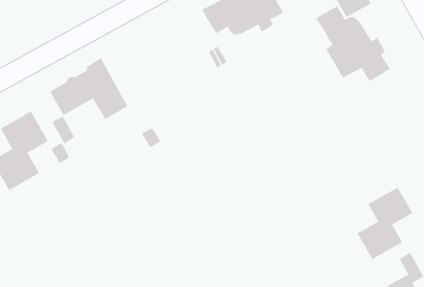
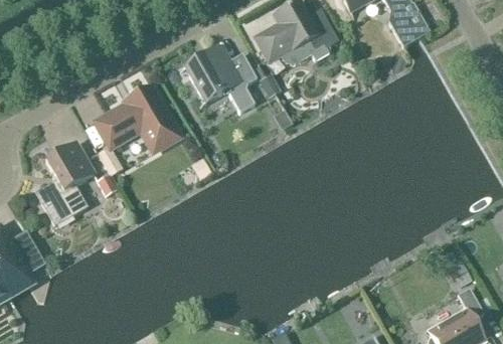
building: [315,5,390,82] -> none
building: none -> [180,45,257,111]
building: [357,187,413,260] -> none

